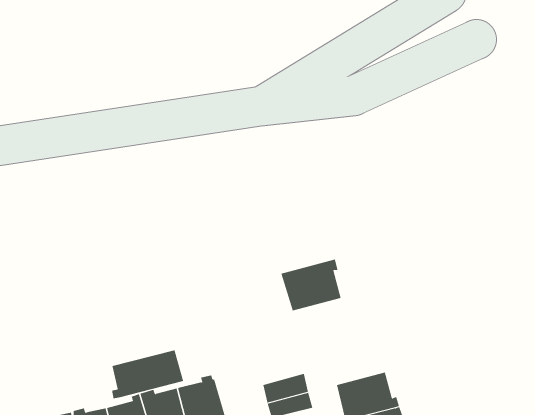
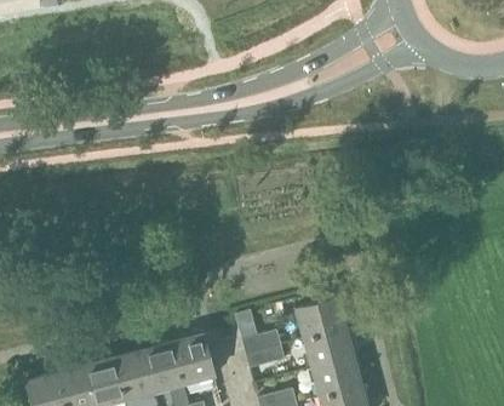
building: [281,259,341,311] -> [294,297,345,341]
building: [111,350,184,399] -> none

